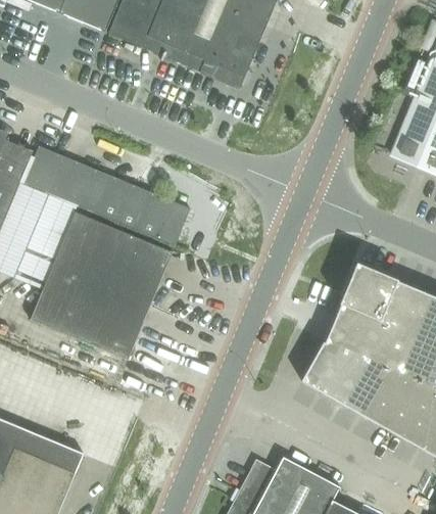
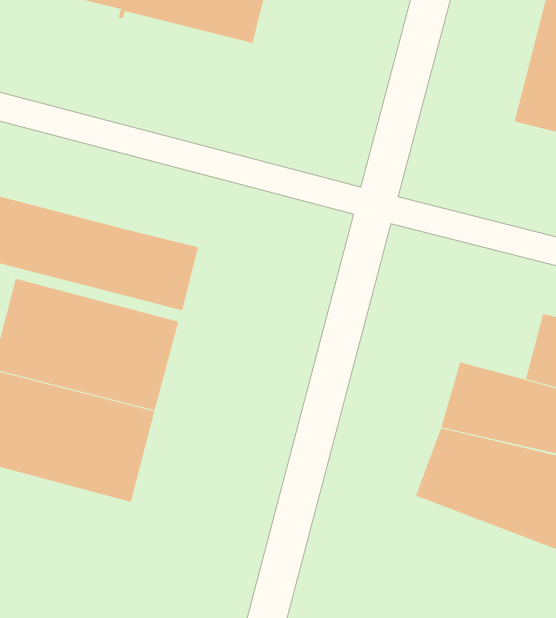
building: [340,263,395,318] -> none

